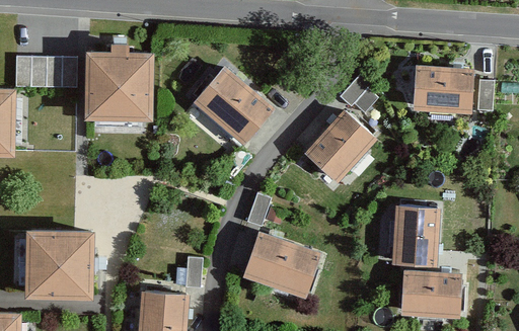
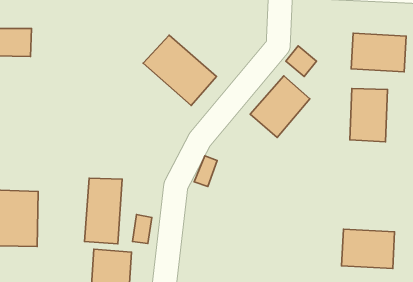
building: [81,50,143,108] -> none
building: [394,205,434,261] -> [350,89,387,142]
building: none -> [85,178,122,244]
building: [246,232,317,292] -> none

